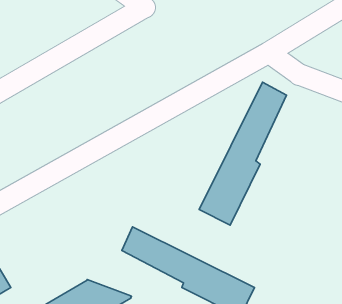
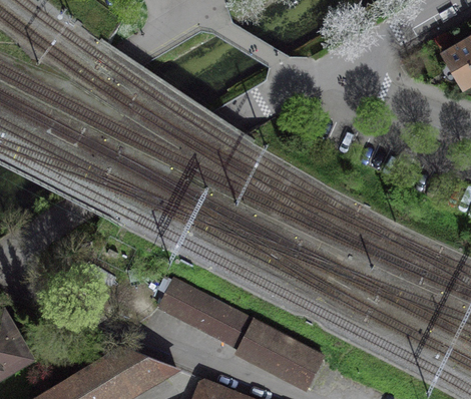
building: [199,82,286,225] -> none

